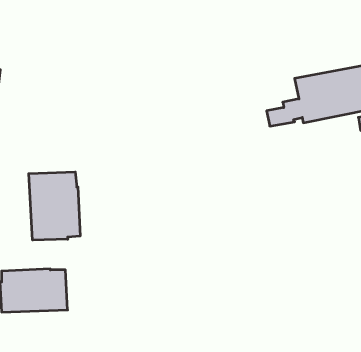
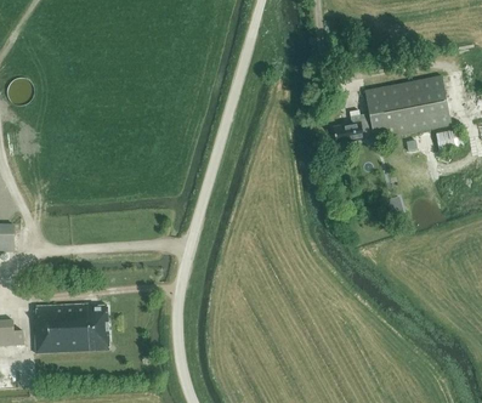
building: [29,172,80,240] -> none

